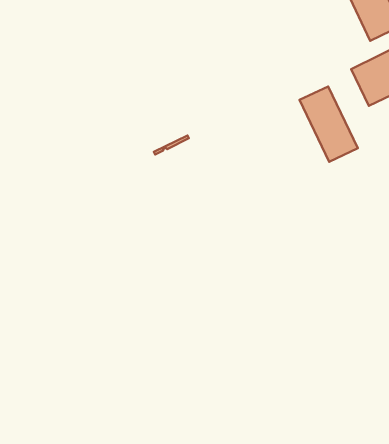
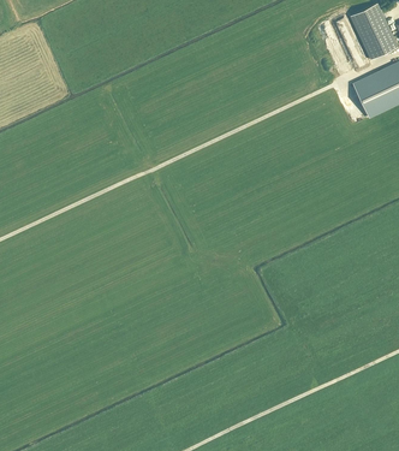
building: [300,86,358,162] -> none

